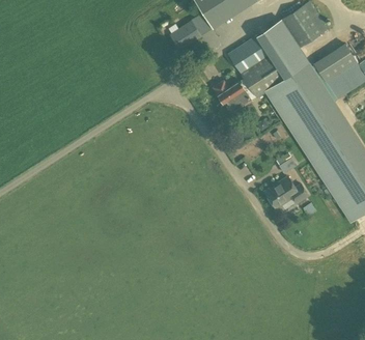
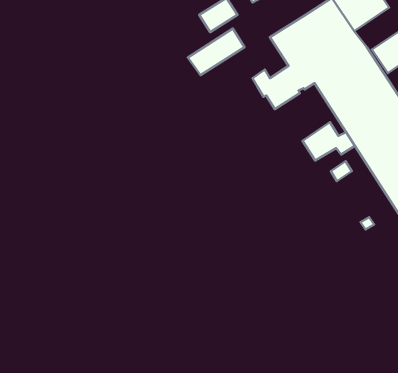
building: none -> [188,28,245,75]
building: [264,176,308,208] -> [303,122,355,161]

